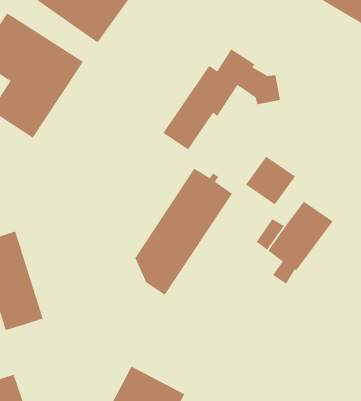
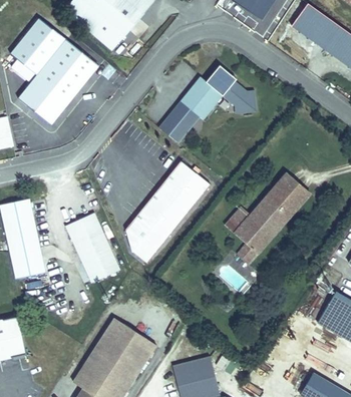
building: [245,156,296,205] -> [268,173,310,215]
building: none -> [66,213,119,283]

